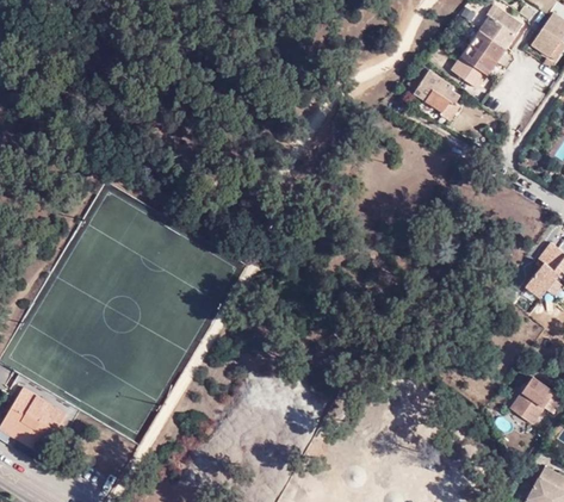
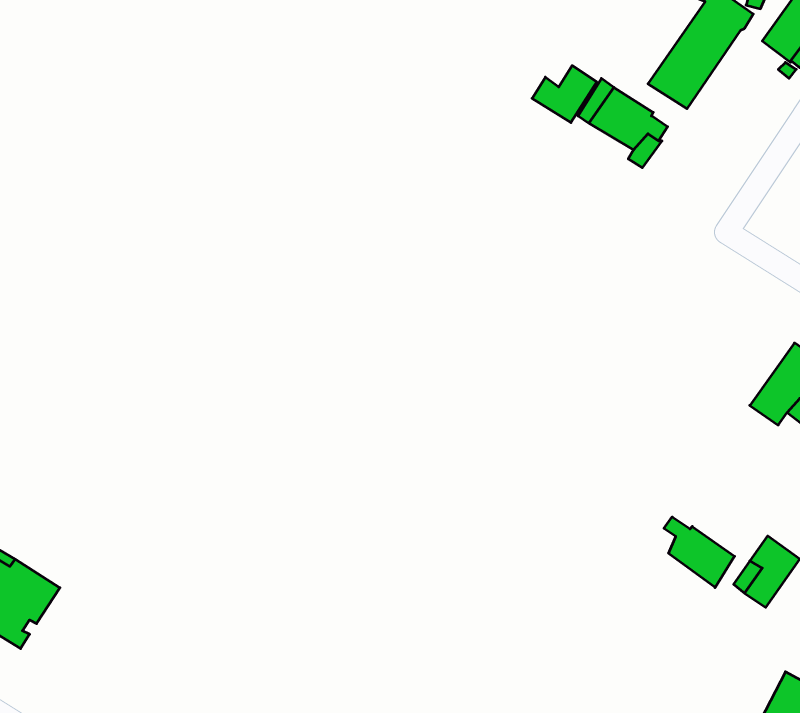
building: none -> [532,66,597,123]
building: none -> [664,517,735,588]

